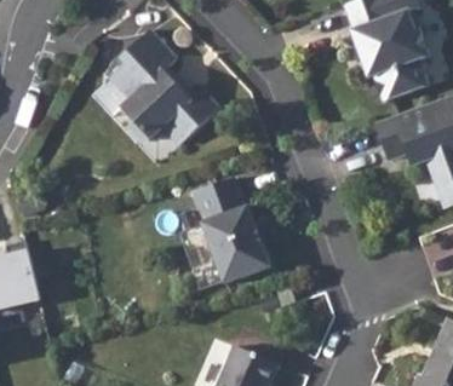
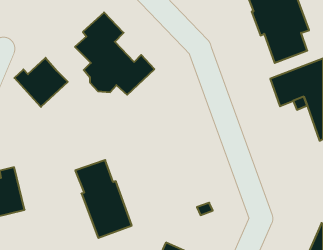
building: none -> [14,58,68,107]
building: [193,174,270,281] -> [75,160,132,238]

